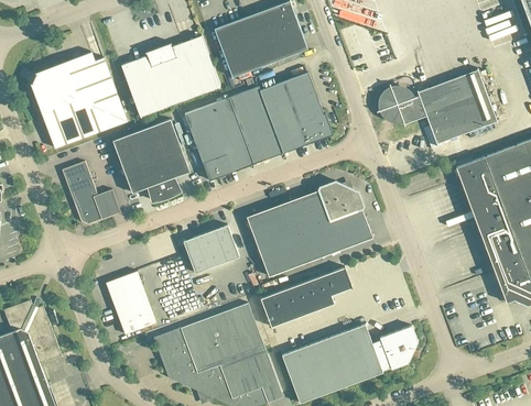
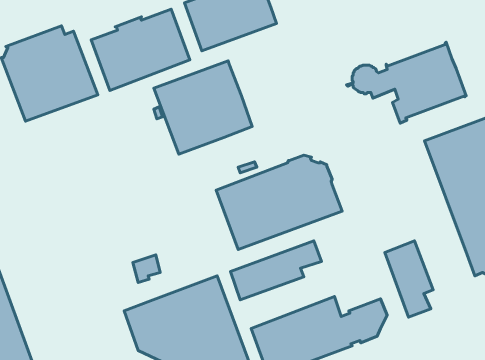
building: [260,72,333,152] -> none
building: [112,118,191,200] -> none
building: [62,161,121,223] -> none
building: [183,223,240,273] -> none
building: none -> [385,241,433,317]
building: [106,270,156,333] -> none

